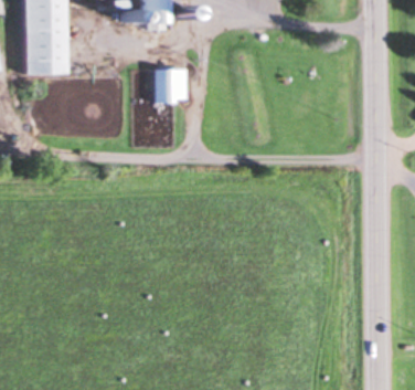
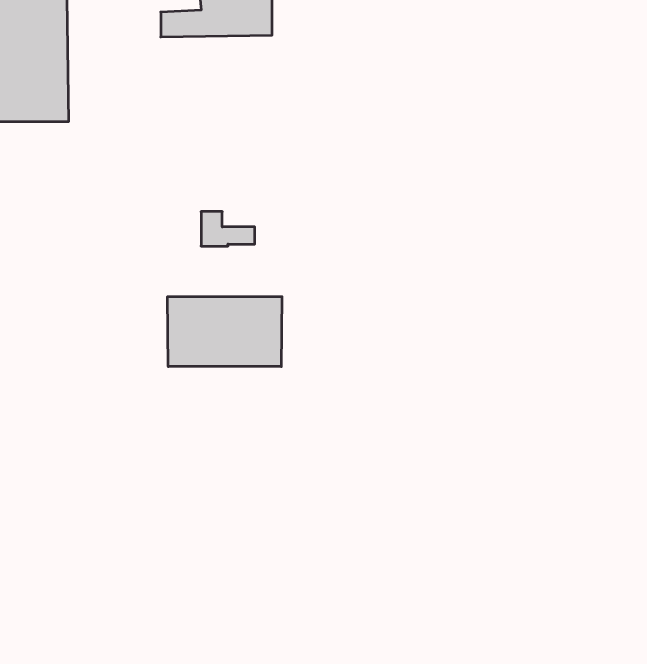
building: [156,68,187,103] -> none
building: none -> [168,297,282,367]

